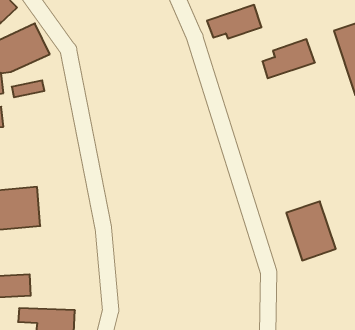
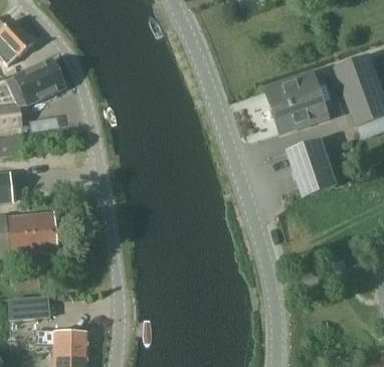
building: [207,5,262,39] -> [274,95,327,127]
building: [286,201,336,260] -> [287,139,335,195]

